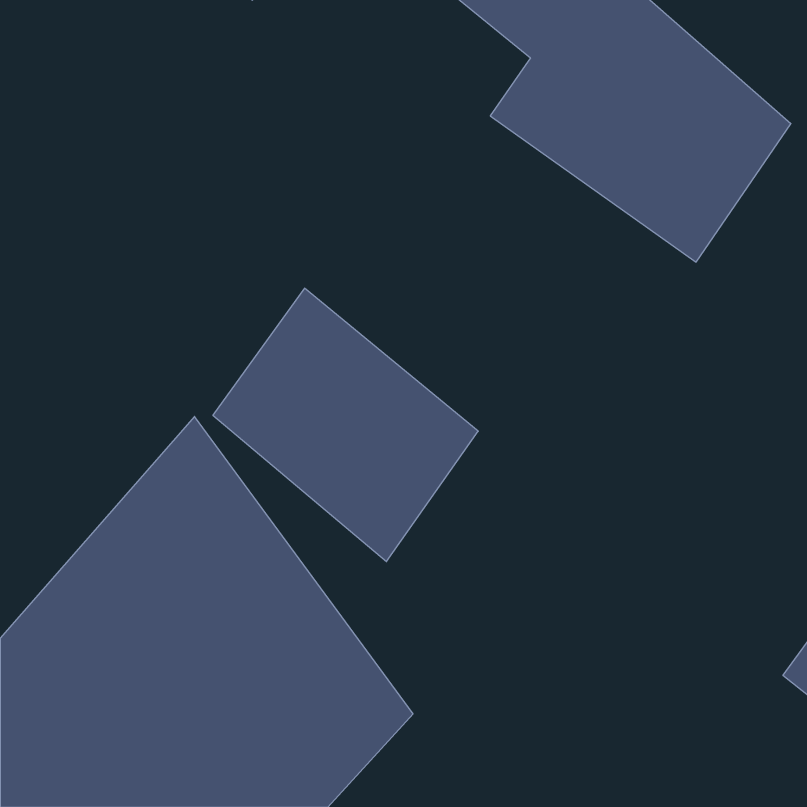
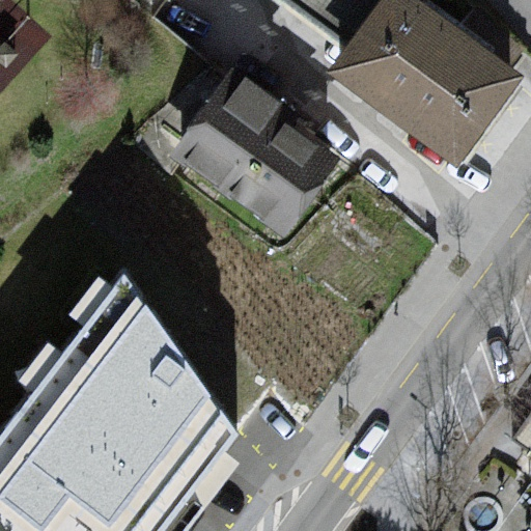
building: [213,288,478,562] -> [171,64,342,241]

